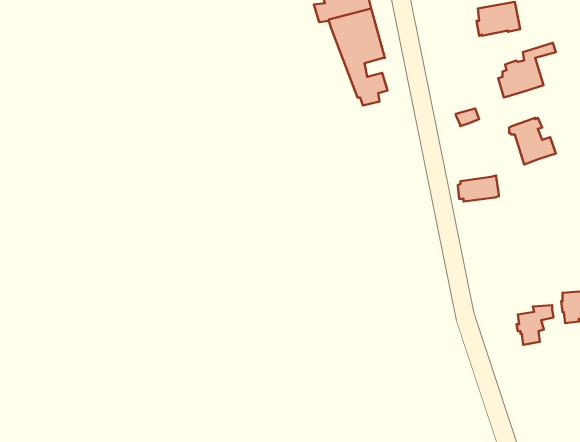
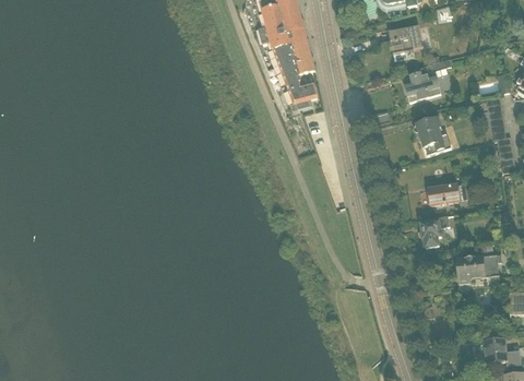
building: [458,176,499,202] -> [427,183,460,204]
building: [516,305,553,345] -> [419,215,449,247]

